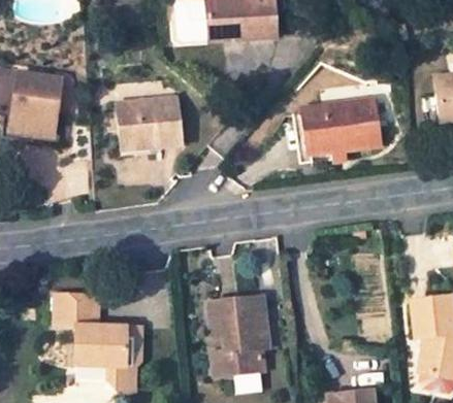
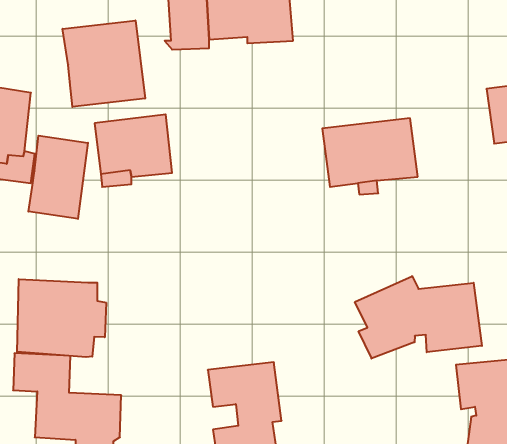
building: none -> [63,20,145,107]
building: none -> [28,136,88,219]
building: none -> [355,276,482,359]
building: none -> [17,279,106,357]

